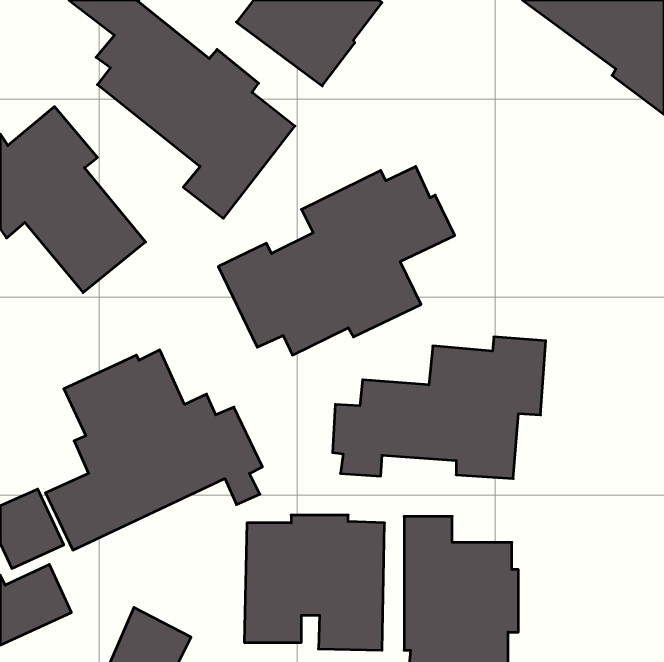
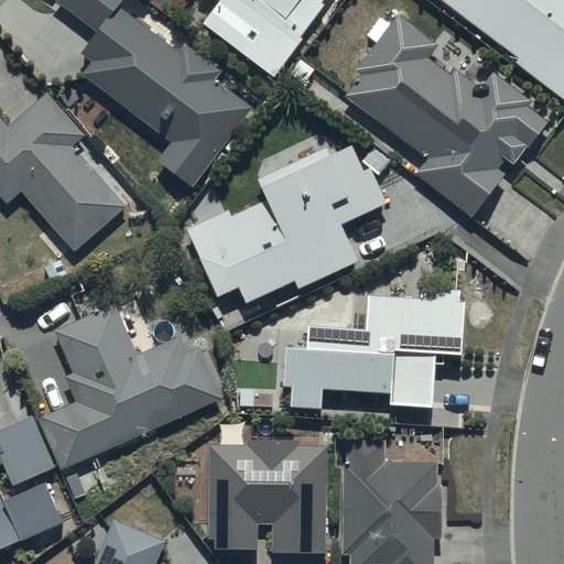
building: none -> [347,17,547,218]

